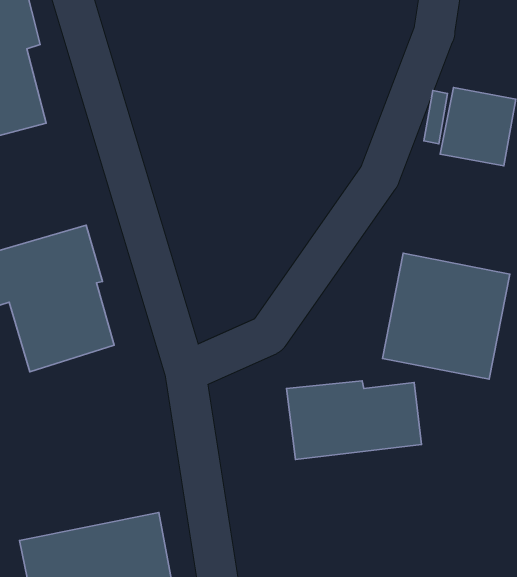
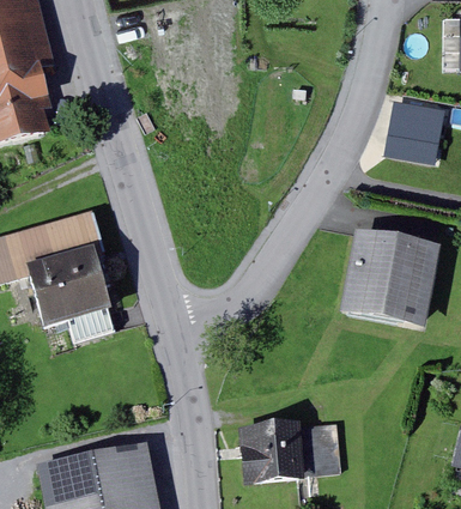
building: [287,381,421,459] -> [230,420,339,484]

